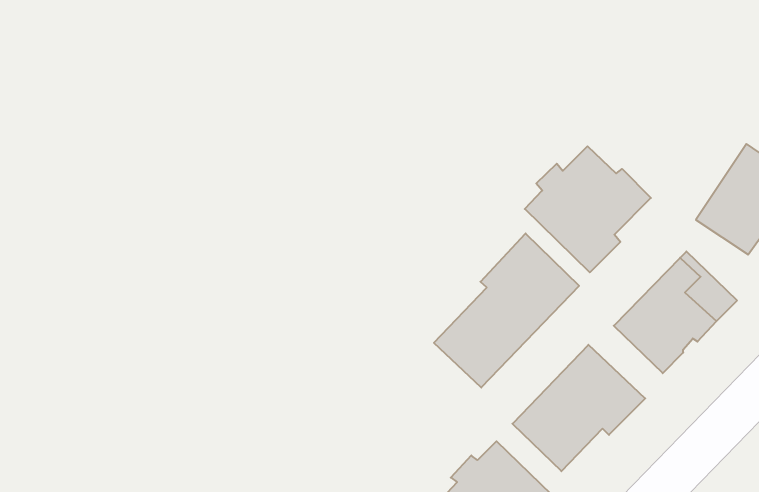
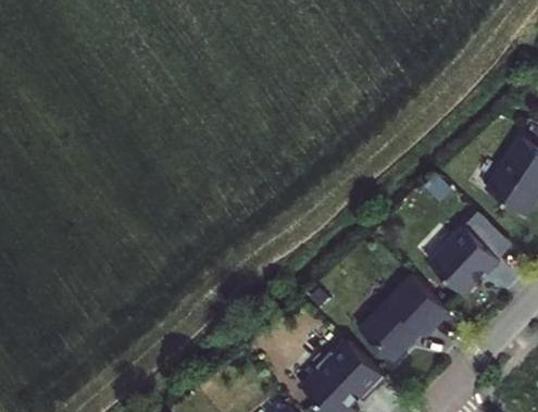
building: [525,146,651,272] -> none
building: [434,233,579,388] -> none

